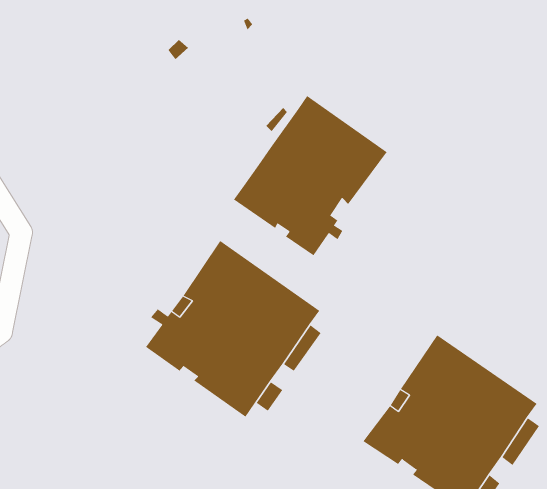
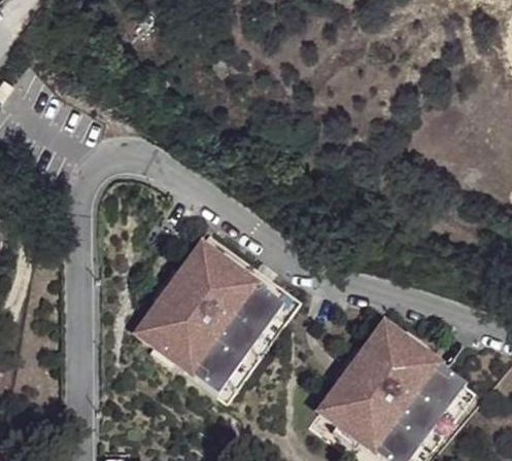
building: [233,95,387,256] -> none

